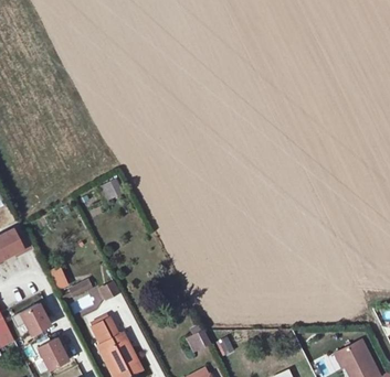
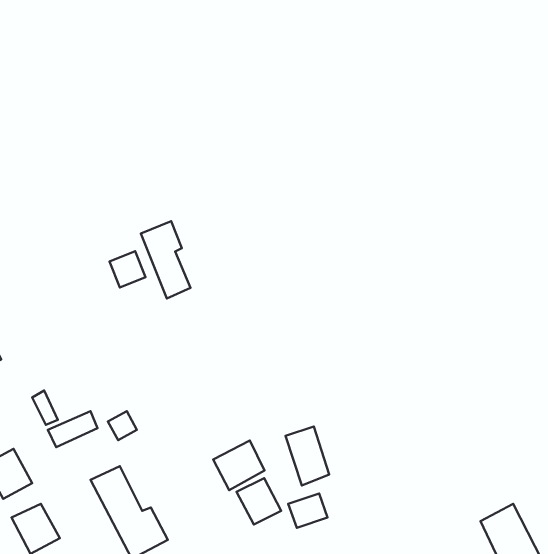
building: none -> [141,221,191,298]
building: none -> [285,426,329,485]
building: none -> [213,440,265,490]

